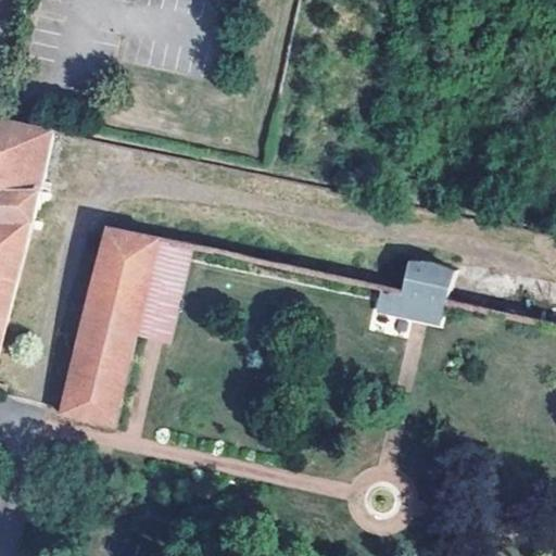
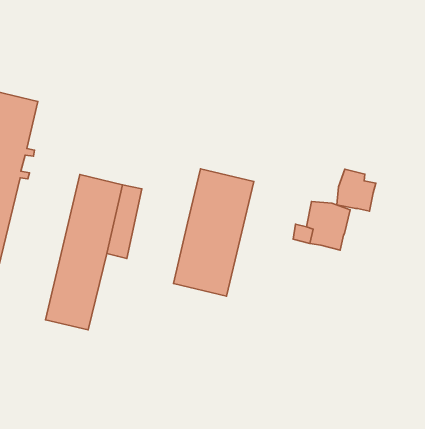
building: none -> [173,169,254,296]
building: none -> [337,169,376,211]

